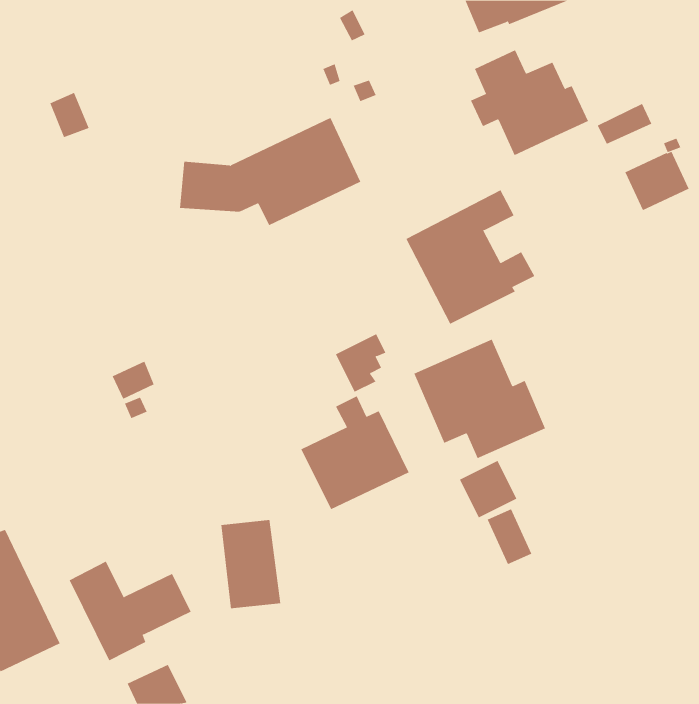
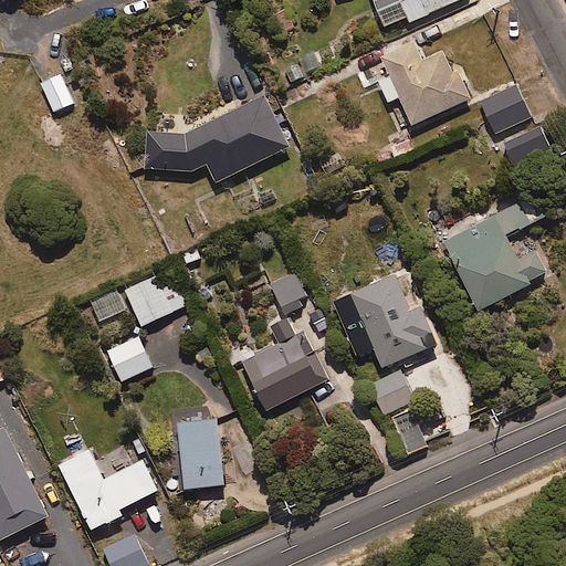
building: [406,189,535,324] -> [442,201,546,310]
building: none -> [123,274,172,326]
building: none -> [105,335,153,381]

